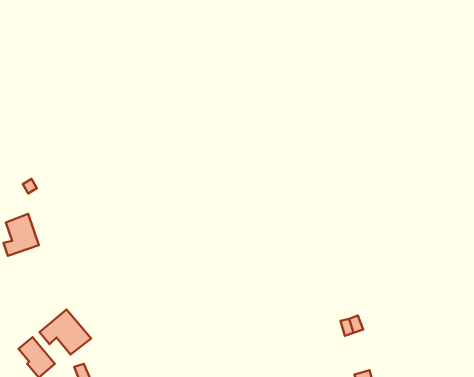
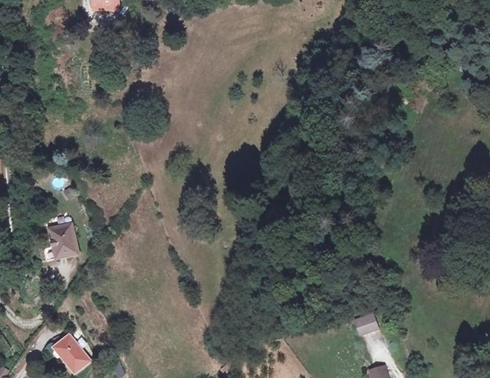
building: [39,309,91,355] -> none

